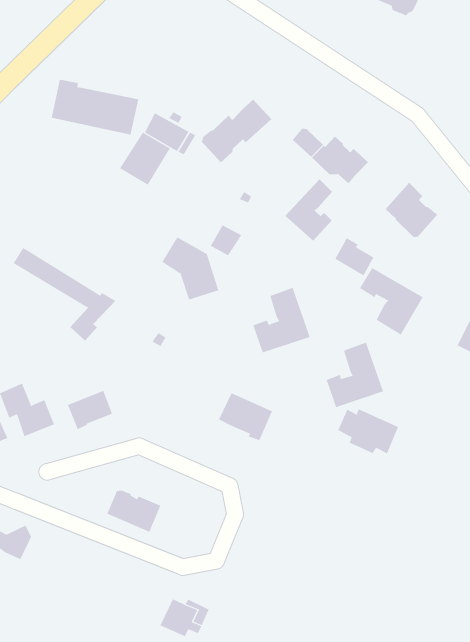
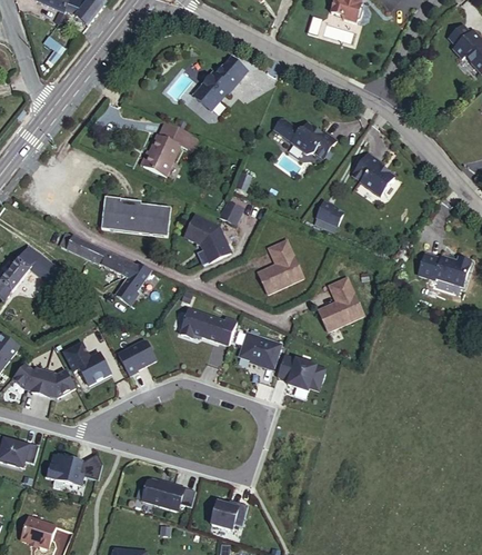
building: [51,79,139,135] -> [100,198,168,236]
building: [200,99,272,163] -> [191,54,245,108]
building: [285,178,333,241] -> none
building: [359,267,424,335] -> none
building: none -> [180,307,237,344]
building: [337,408,399,454] -> [277,356,324,390]
building: [107,490,161,533] -> [141,479,183,511]

